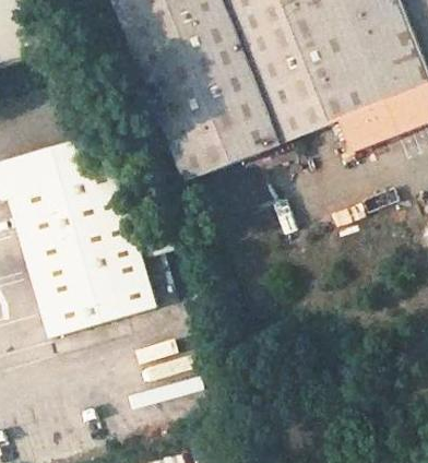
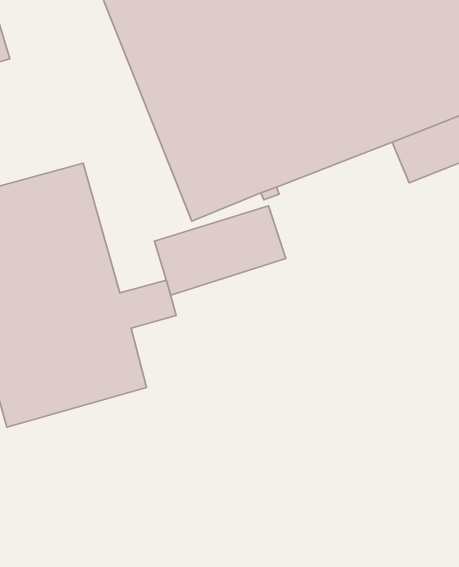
building: none -> [155,206,286,295]

